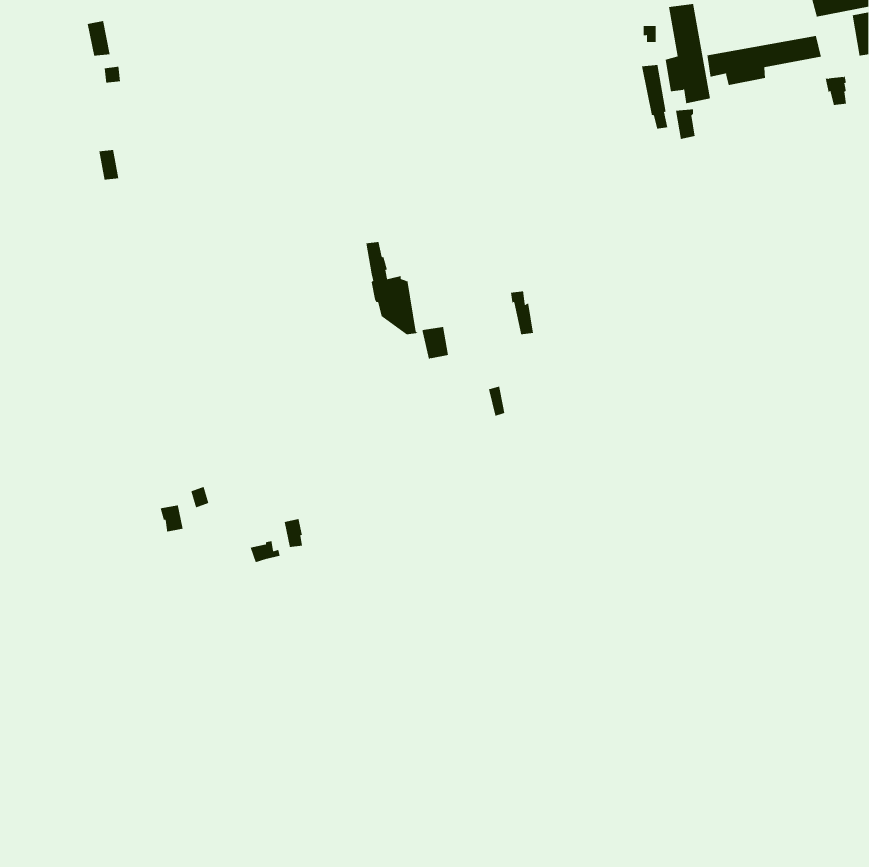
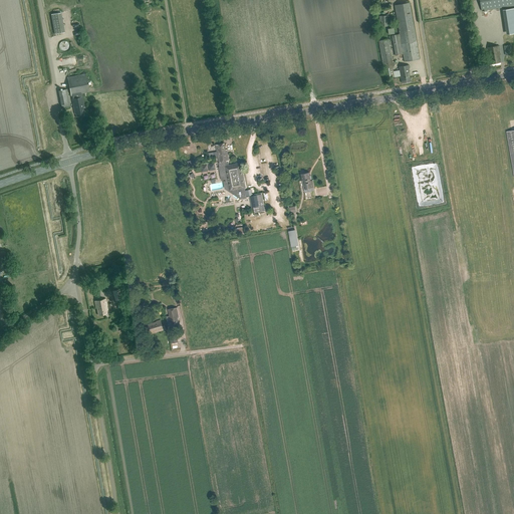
building: [707,35,821,86] -> none
building: none -> [67,73,89,115]

